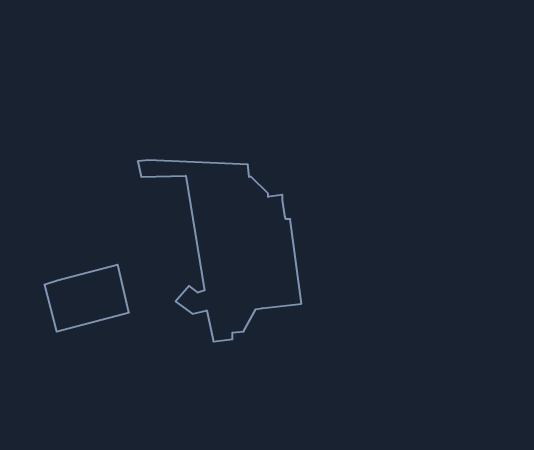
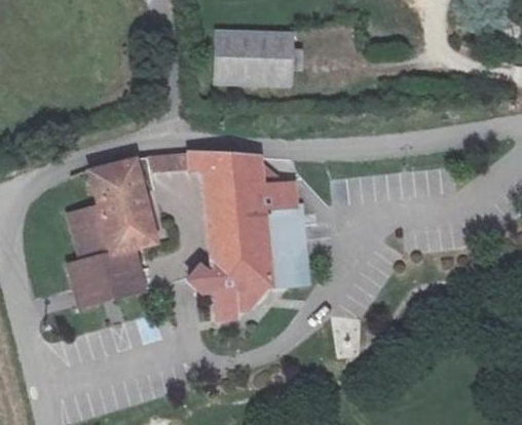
building: none -> [218,35,295,86]
building: none -> [68,154,157,261]

